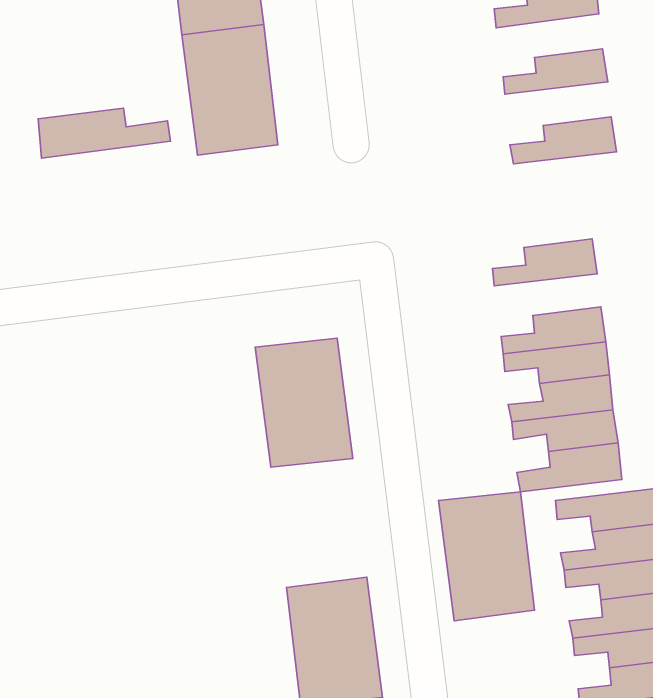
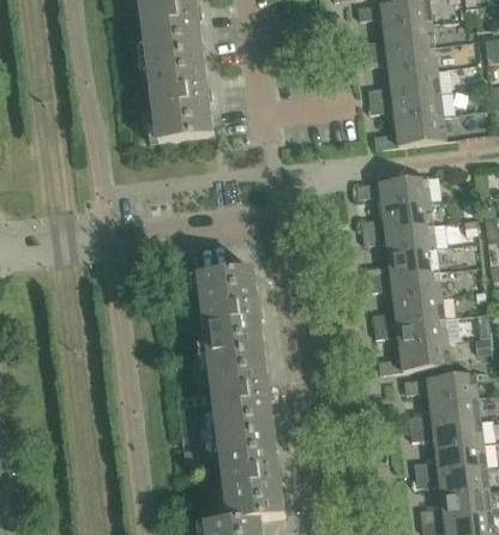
building: none -> [362,44,435,74]
building: none -> [368,91,441,121]
building: [38,108,171,158] -> none
building: none -> [355,175,428,205]
building: none -> [361,223,434,252]
building: [438,492,534,621] -> [208,350,273,439]

